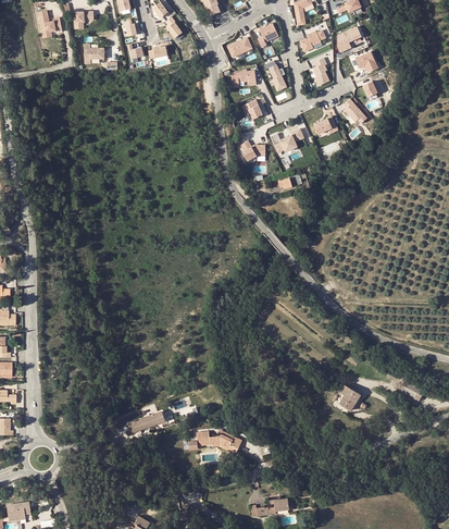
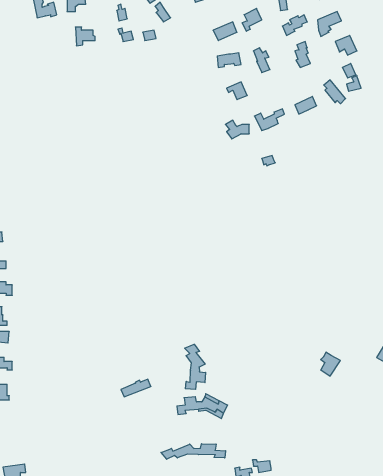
building: none -> [185,344,206,389]
building: none -> [161,444,226,459]

